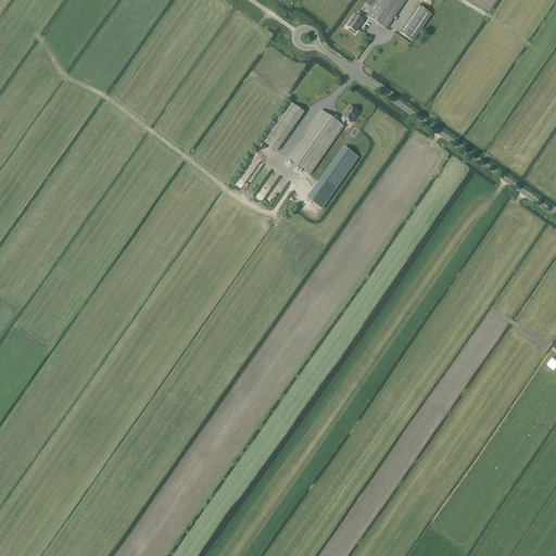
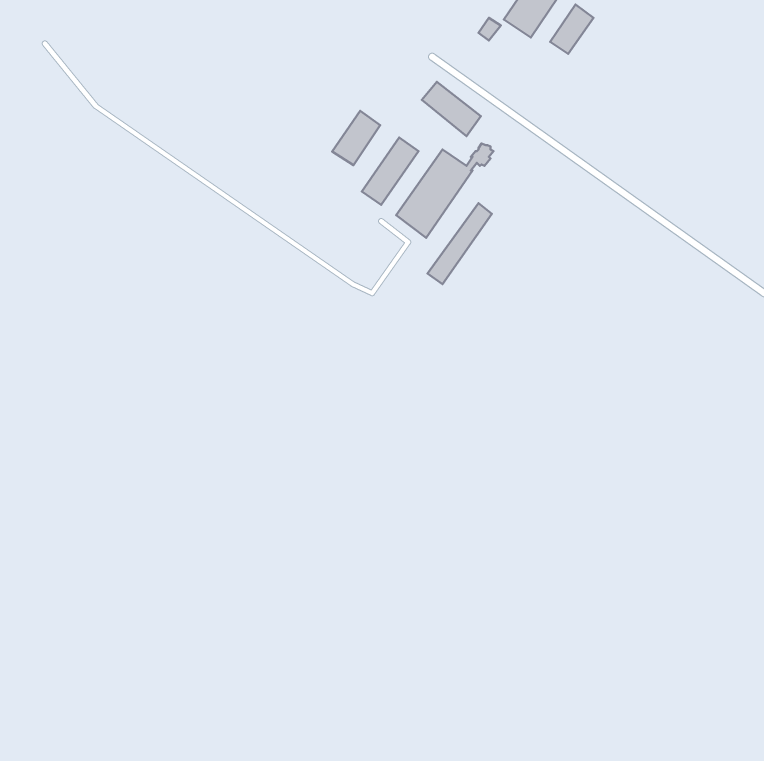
building: none -> [422,82,481,136]
building: none -> [332,111,380,165]

